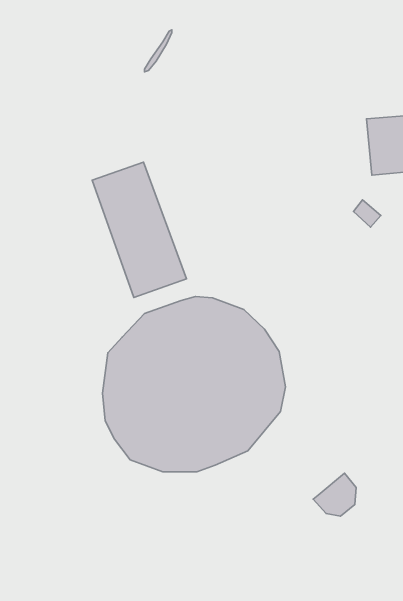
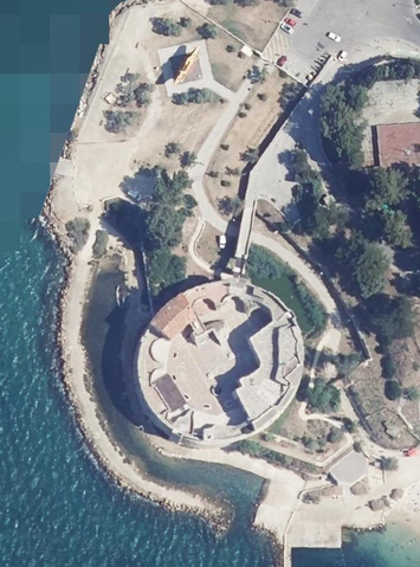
building: [92,162,187,297] -> none

